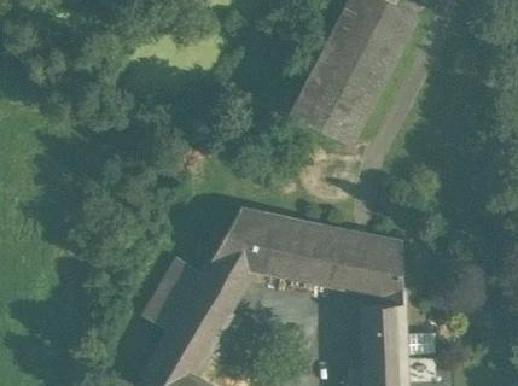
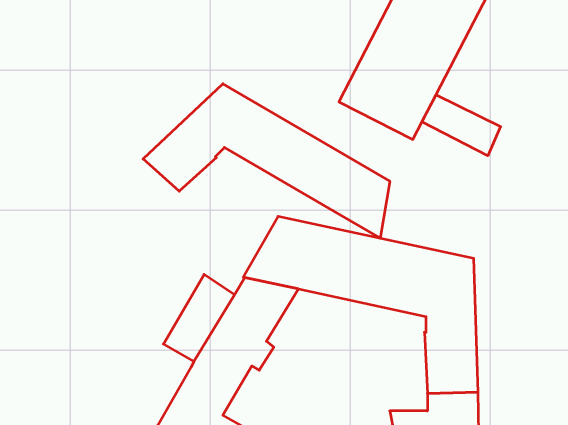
building: none -> [143,84,390,238]
building: none -> [422,95,501,156]

